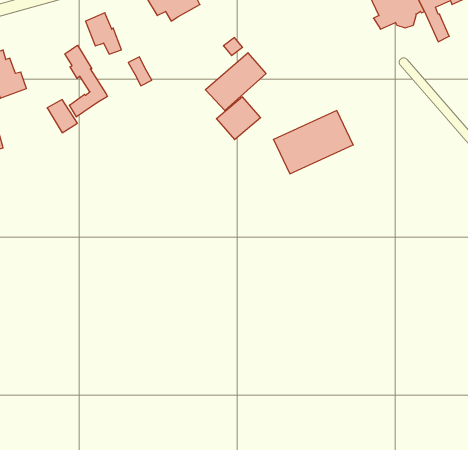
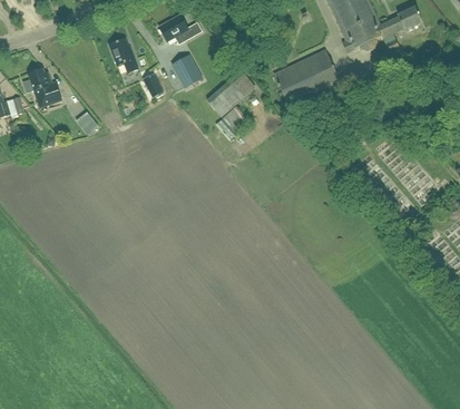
building: none -> [170,53,202,87]
building: [65,45,107,117] -> none
building: [273,111,353,174] -> [273,49,337,100]

